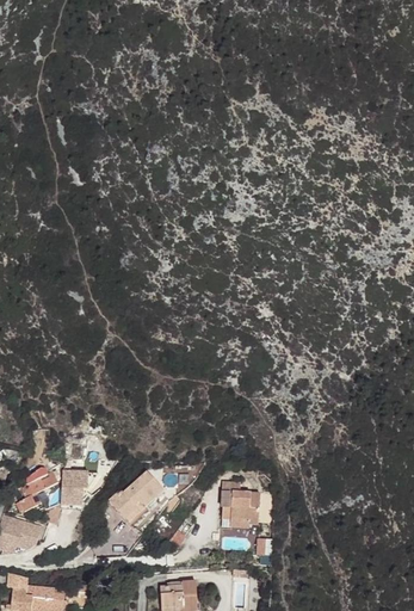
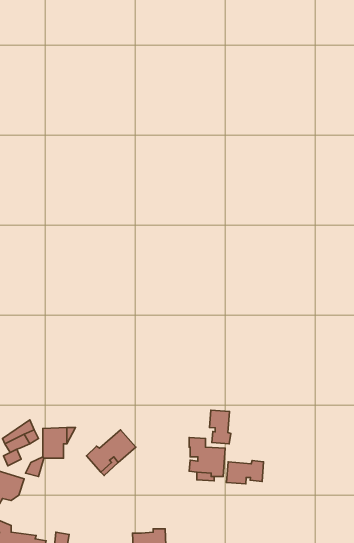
building: none -> [210,410,231,444]
building: none -> [227,460,264,484]

